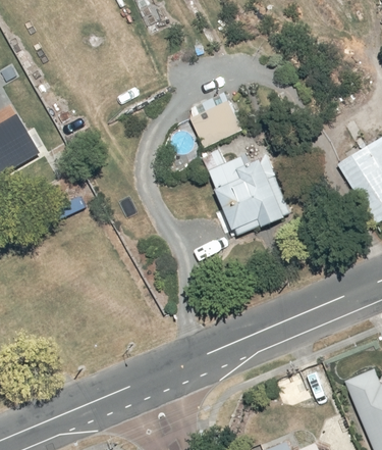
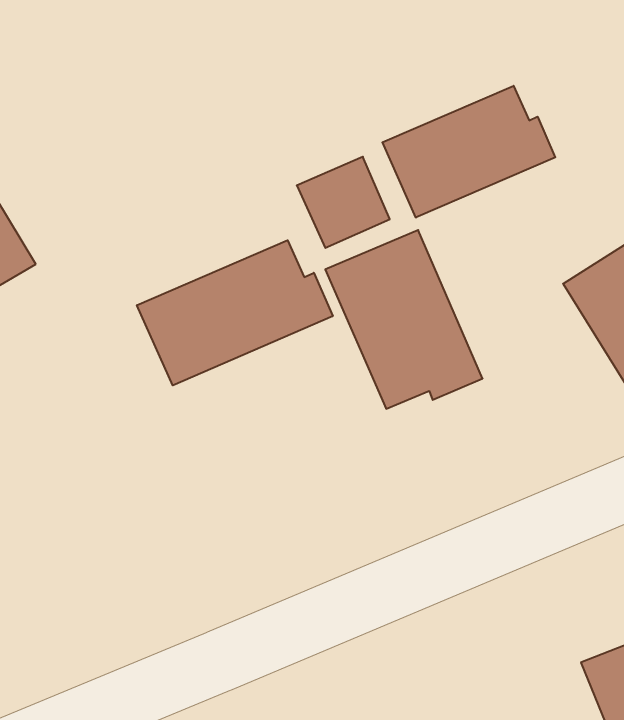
building: none -> [382,86,555,218]
building: none -> [137,240,333,385]

